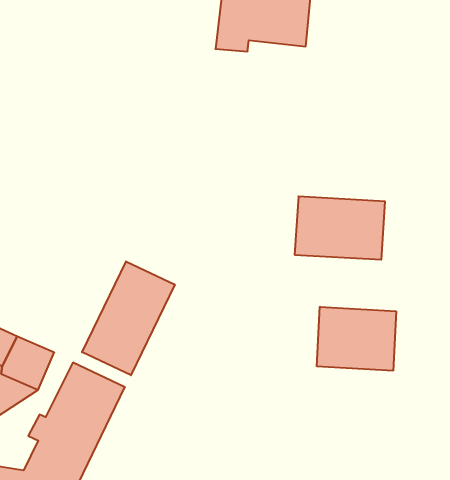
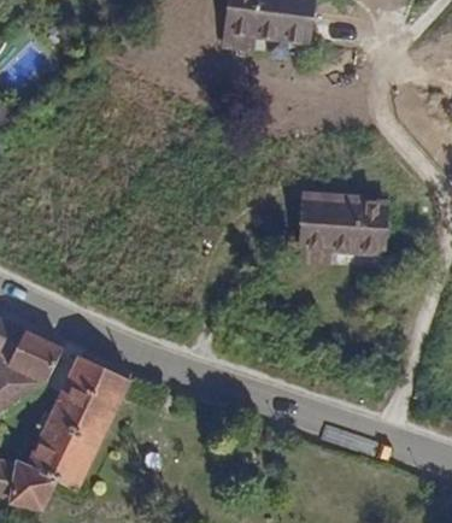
building: [82,261,175,375] -> none
building: [317,307,396,371] -> none

